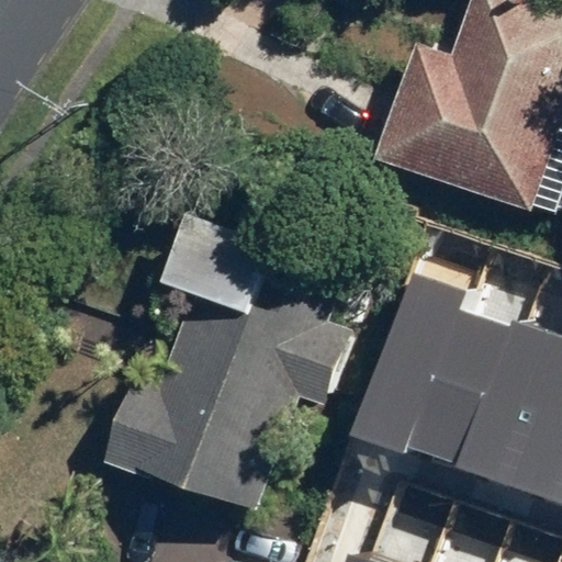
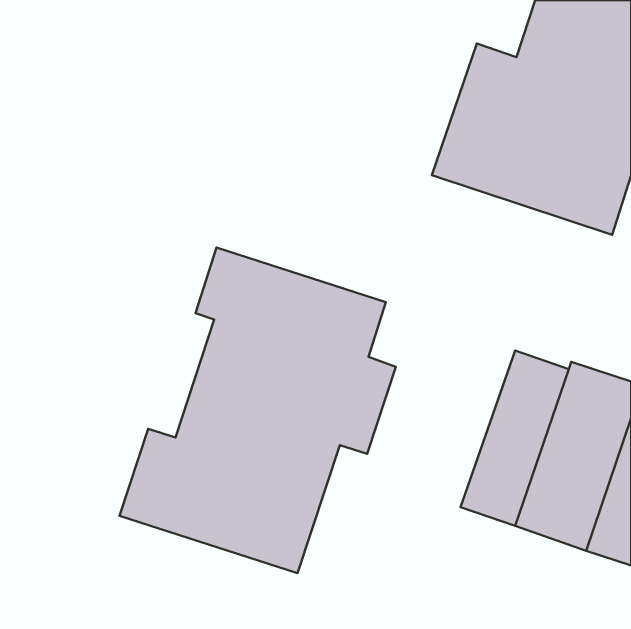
building: [349,279,461,461] -> none

